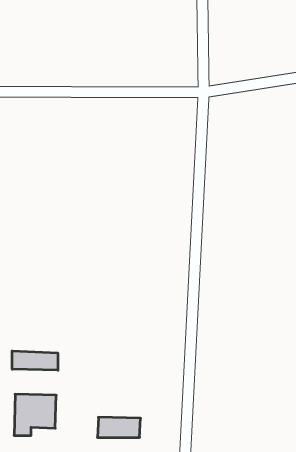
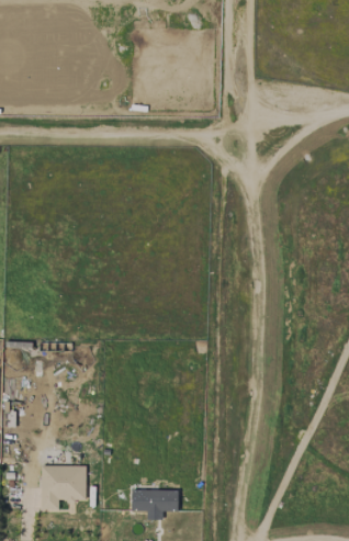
building: [12,351,58,370] -> none

